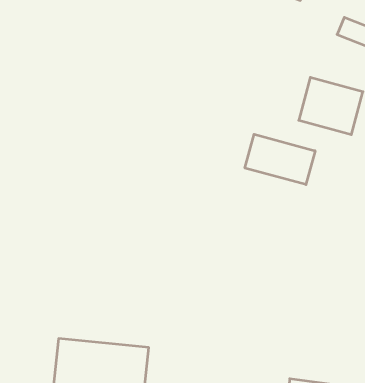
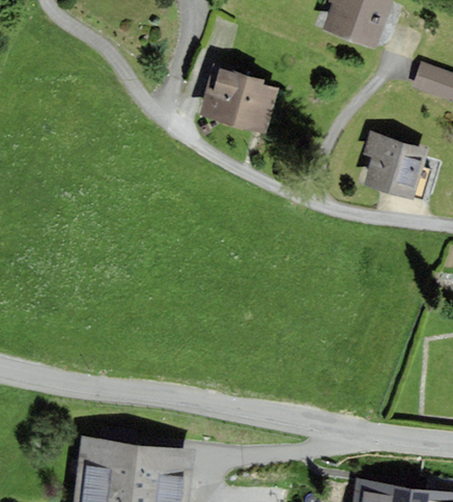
building: none -> [200,71,279,135]
building: [245,134,315,185] -> none

